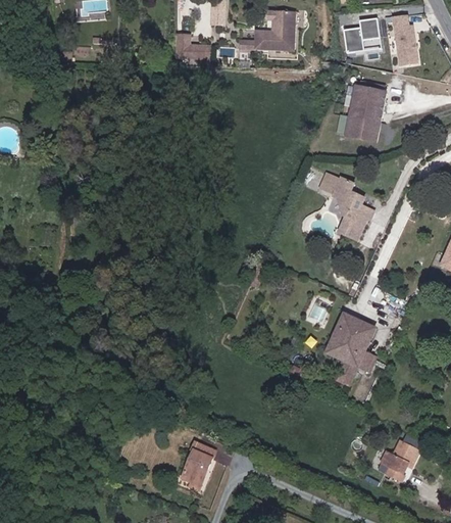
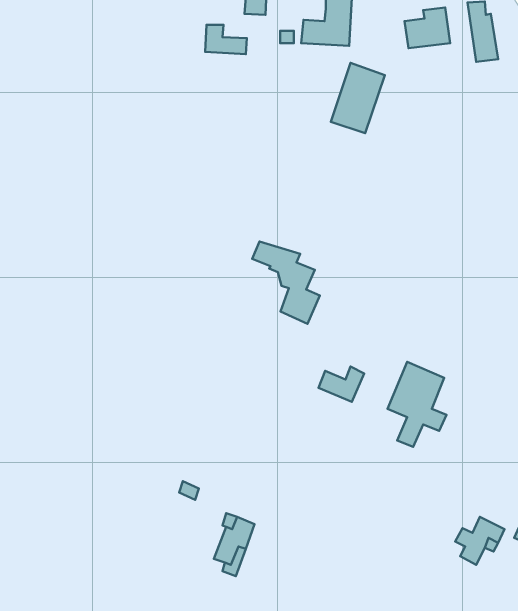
building: [344,92,389,150] -> [331,63,385,133]
building: [314,180,370,248] -> [252,241,320,324]
building: none -> [318,366,364,402]

